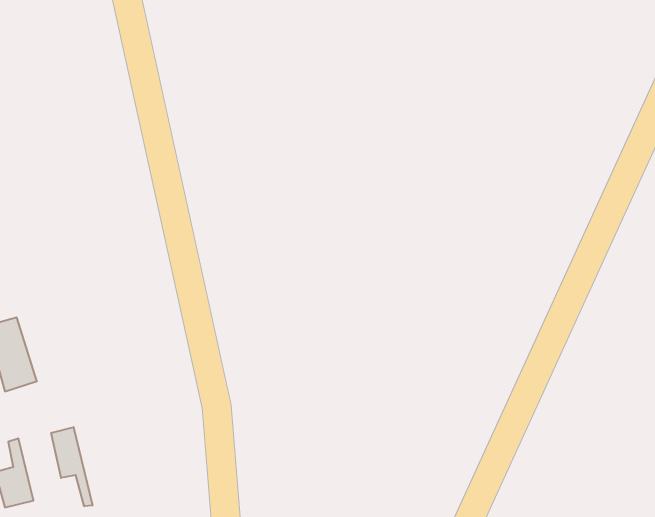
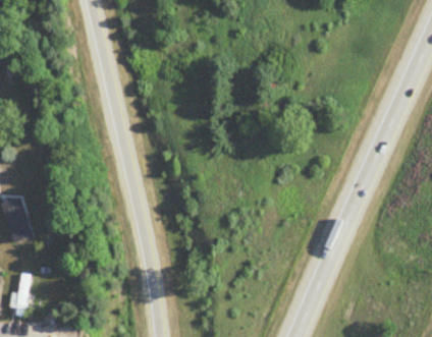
building: [51,427,93,506] -> none

